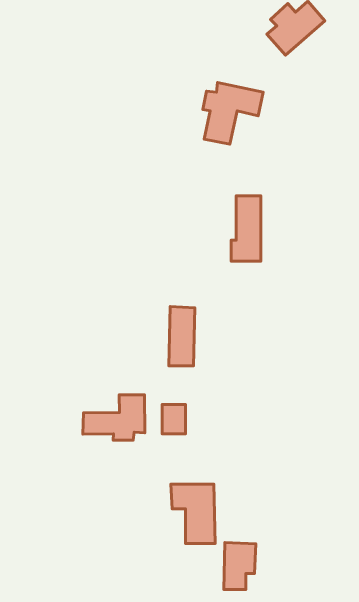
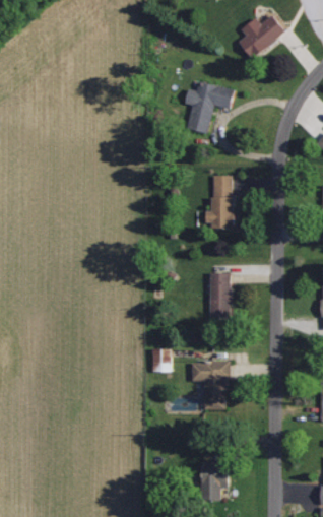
building: [169,307,195,366] -> [209,273,231,322]
building: [83,395,145,440] -> none
building: [171,484,215,544] -> [191,361,228,409]

